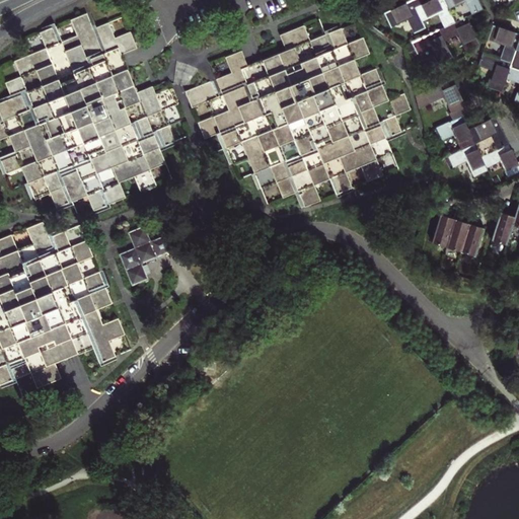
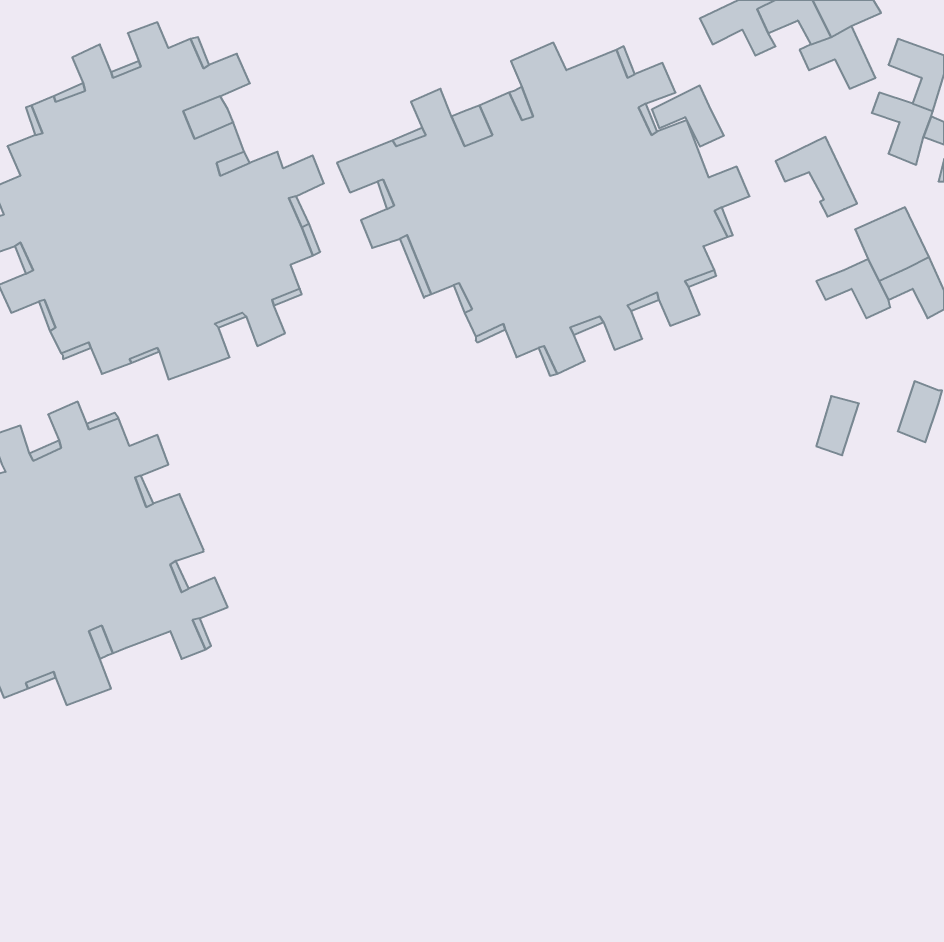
building: [412,29,451,63] -> [652,86,724,147]
building: [435,117,475,150] -> none
building: [431,214,455,246] -> none
building: [461,223,484,255] -> none
building: [119,226,172,286] -> none

